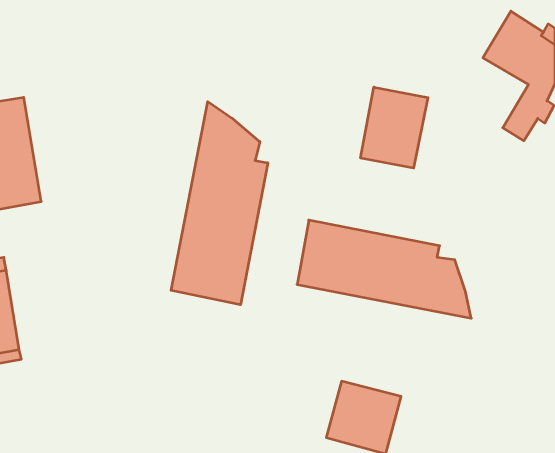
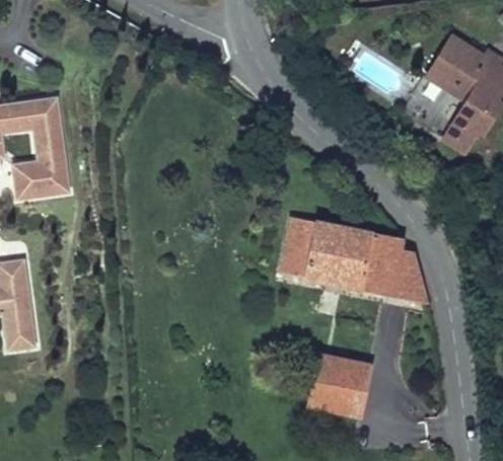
building: [361,87,428,168] -> none
building: [171,102,268,305] -> none

